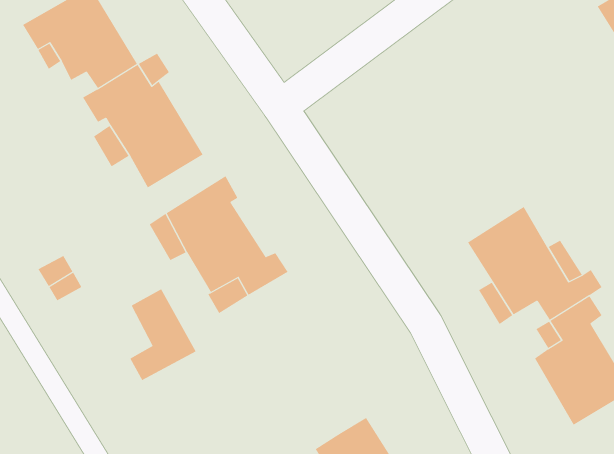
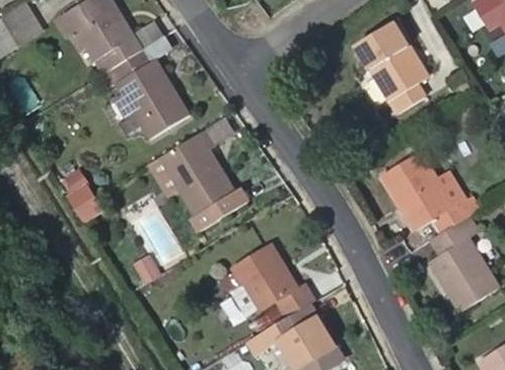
building: none -> [356,20,430,113]
building: none -> [233,245,312,316]

